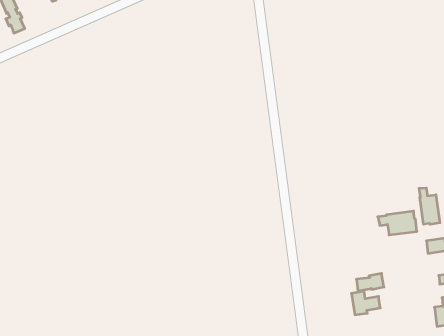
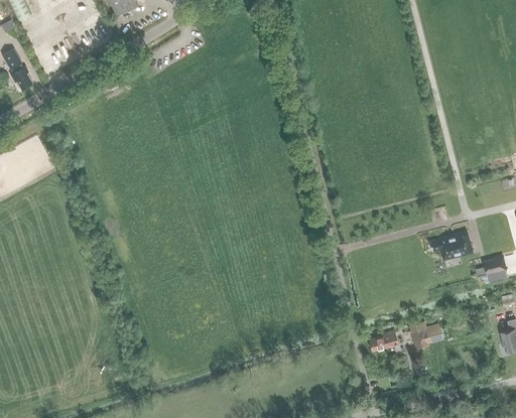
building: [419,188,440,224] -> none
building: [356,273,384,291] -> [369,330,399,352]

